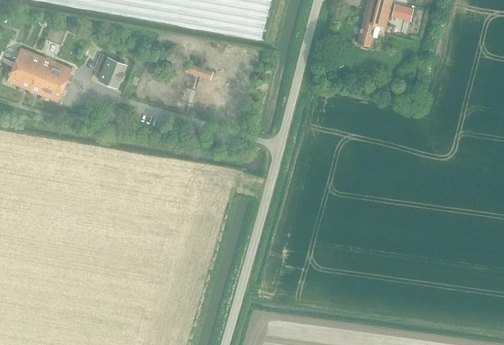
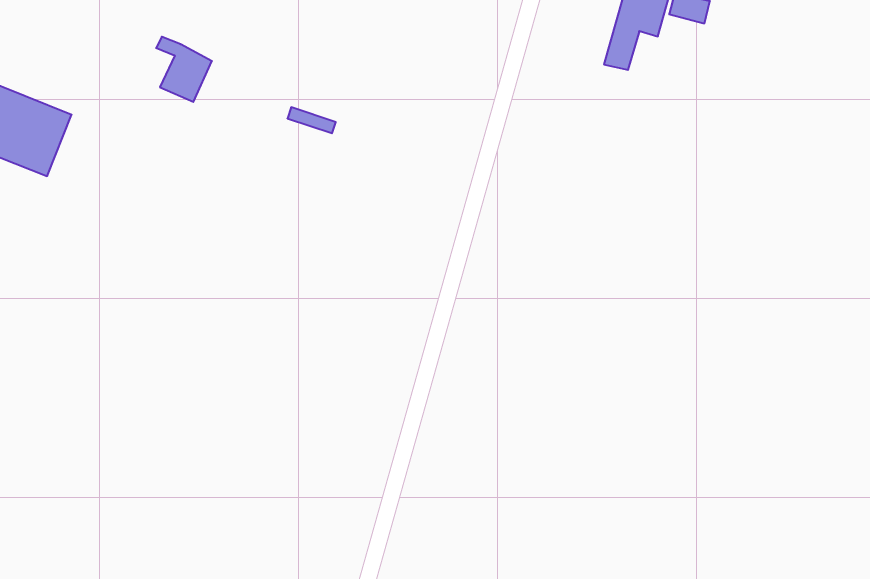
building: [96,52,126,87] -> [156,37,212,102]

